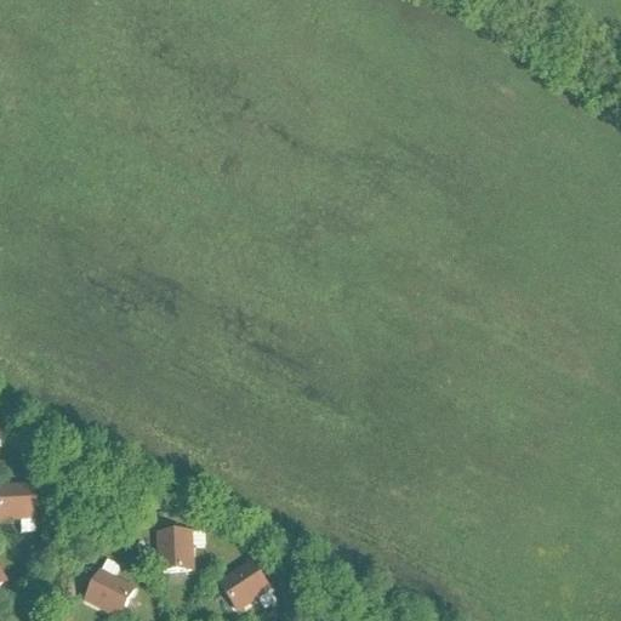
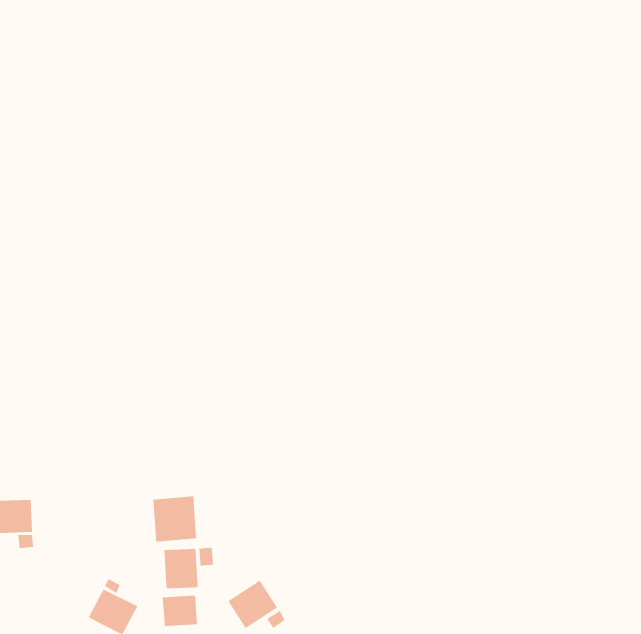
building: none -> [153,496,196,543]
building: none -> [162,595,198,627]

